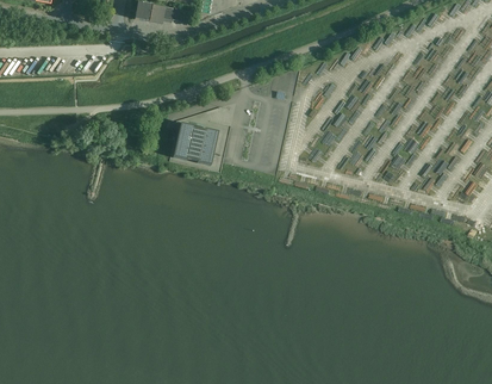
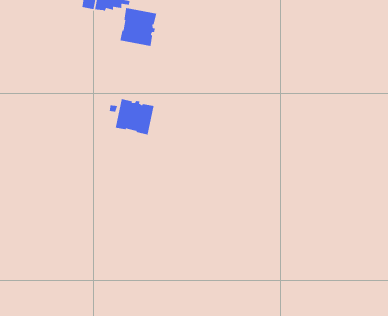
building: none -> [119,7,157,47]

